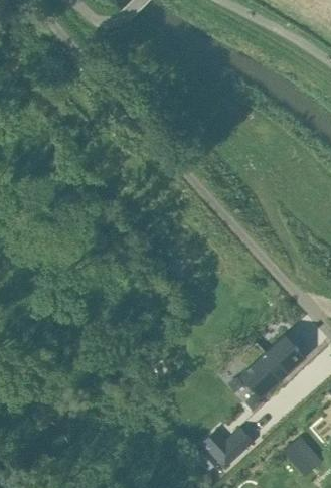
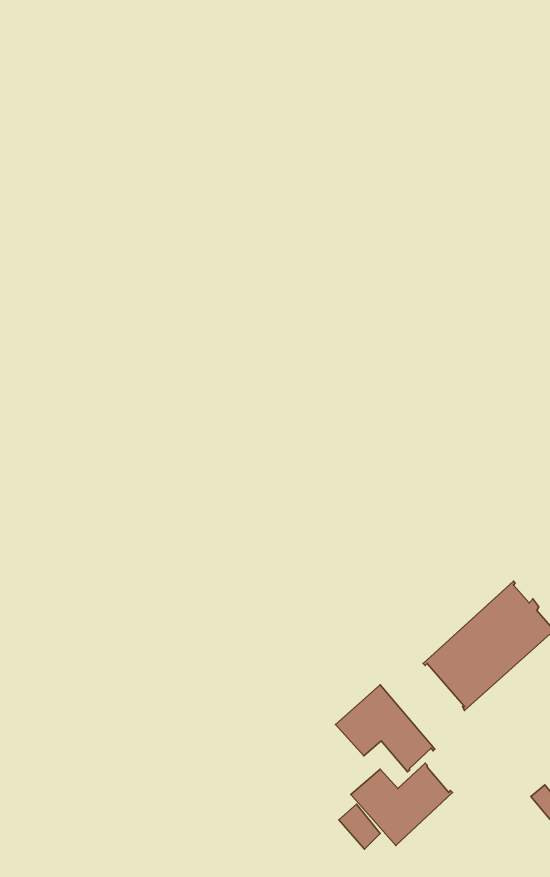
building: none -> [335,685,435,772]

